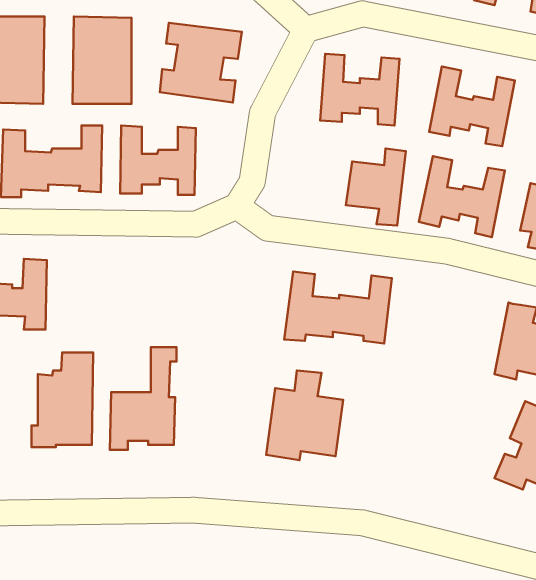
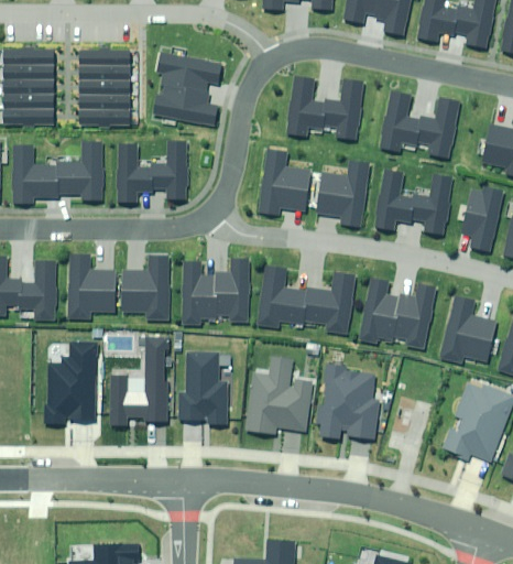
building: none -> [264,151,312,216]
building: none -> [72,254,114,317]
building: none -> [120,254,167,319]
building: none -> [182,262,248,322]
building: none -> [357,275,435,346]
building: none -> [177,348,226,422]
building: none -> [316,360,378,436]

